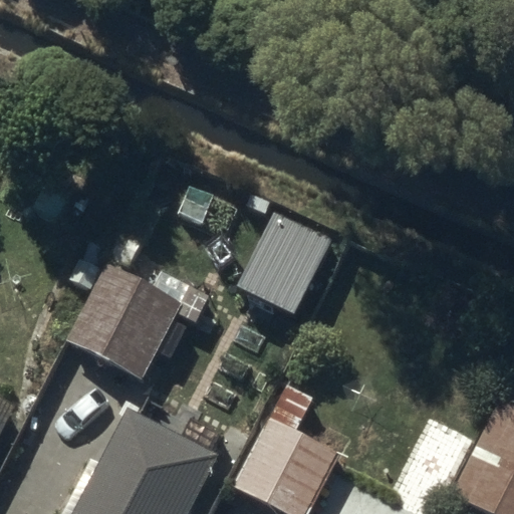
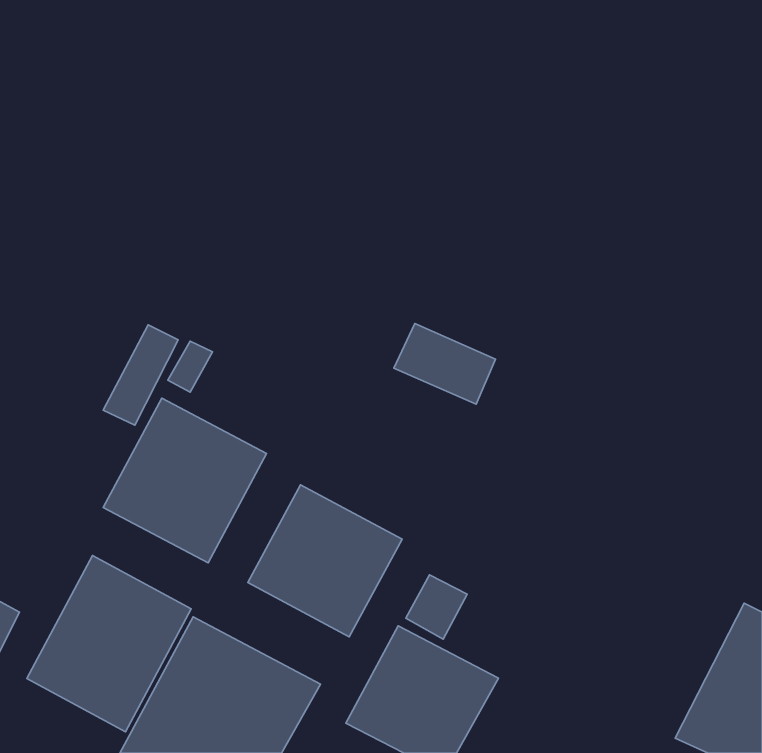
building: none -> [248,485,402,637]
building: none -> [27,556,191,732]

